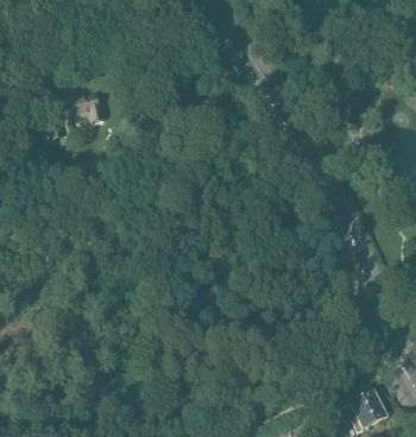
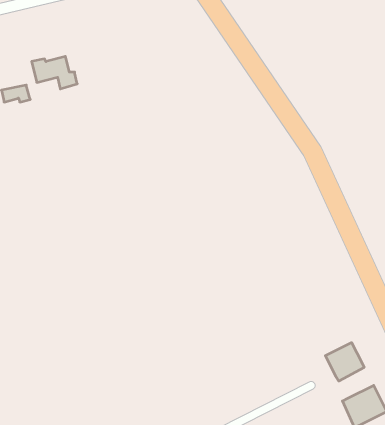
building: none -> [325,343,364,381]

